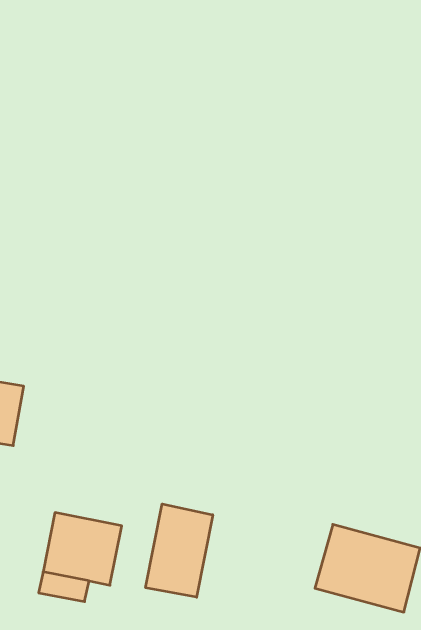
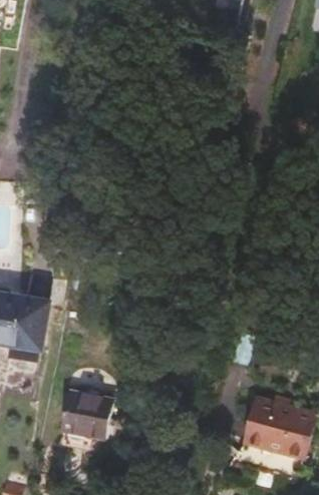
building: [146,504,213,597] -> none

